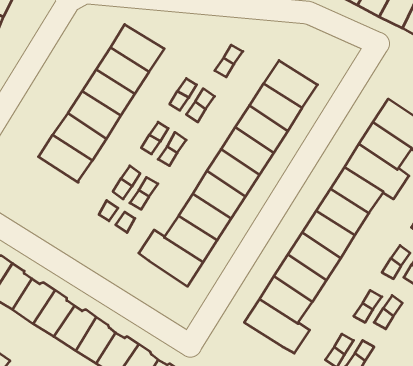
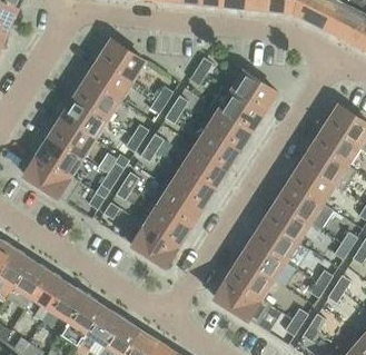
building: none -> [23,155,80,203]

